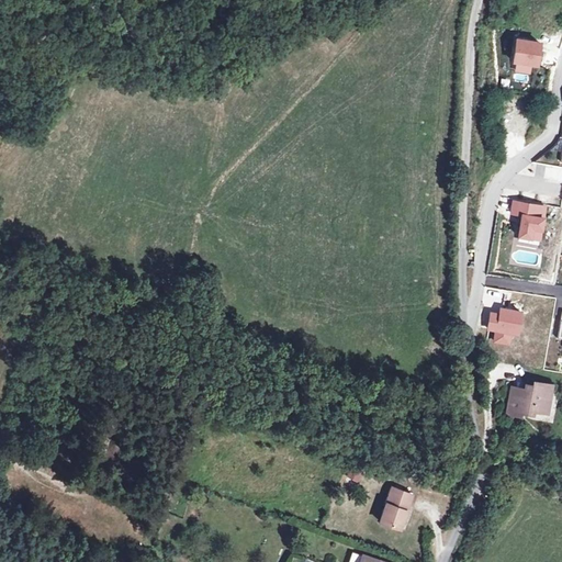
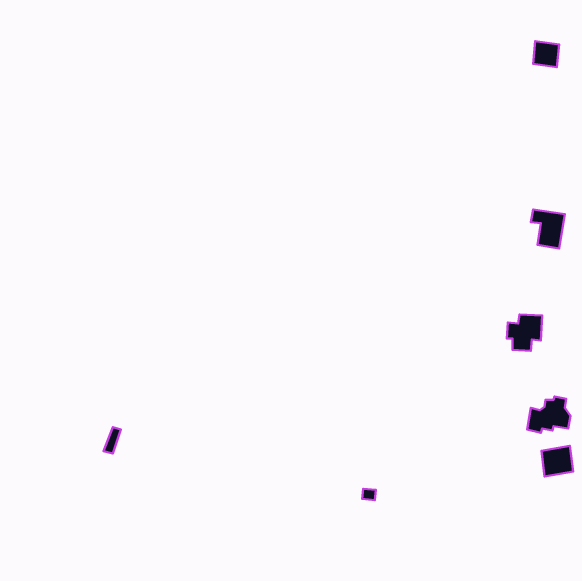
building: none -> [541,446,573,476]
building: [380,488,412,529] -> none

